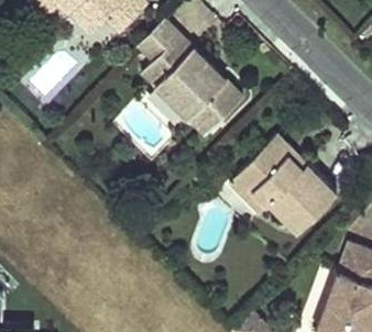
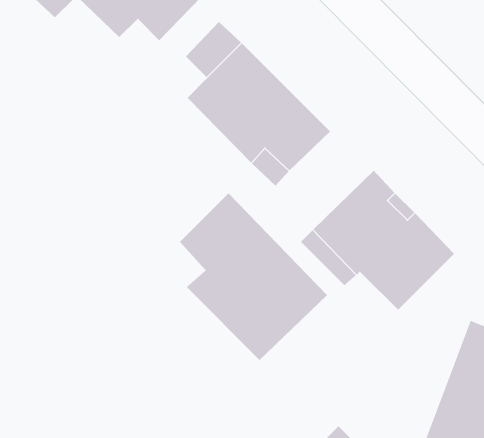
building: none -> [179,193,328,361]

